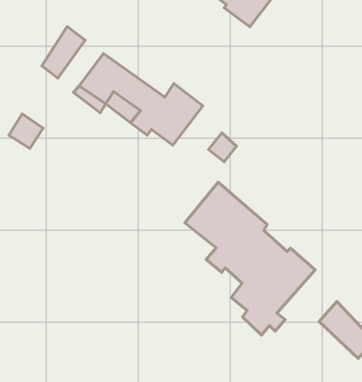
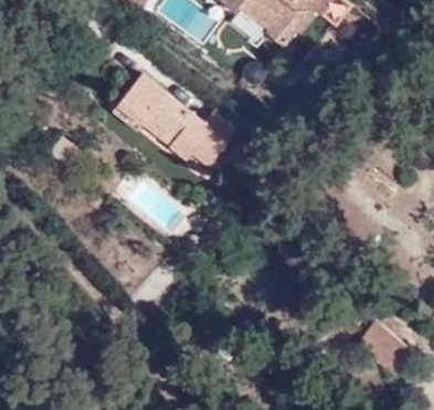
building: [42,26,85,78] -> none
building: [185,182,315,335] -> none

